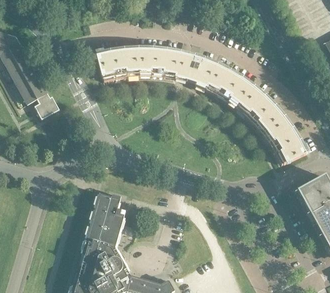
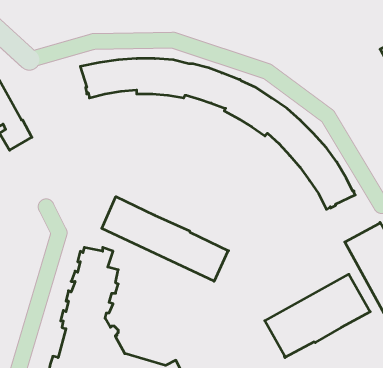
building: none -> [102,197,229,281]
building: none -> [265,274,370,358]

